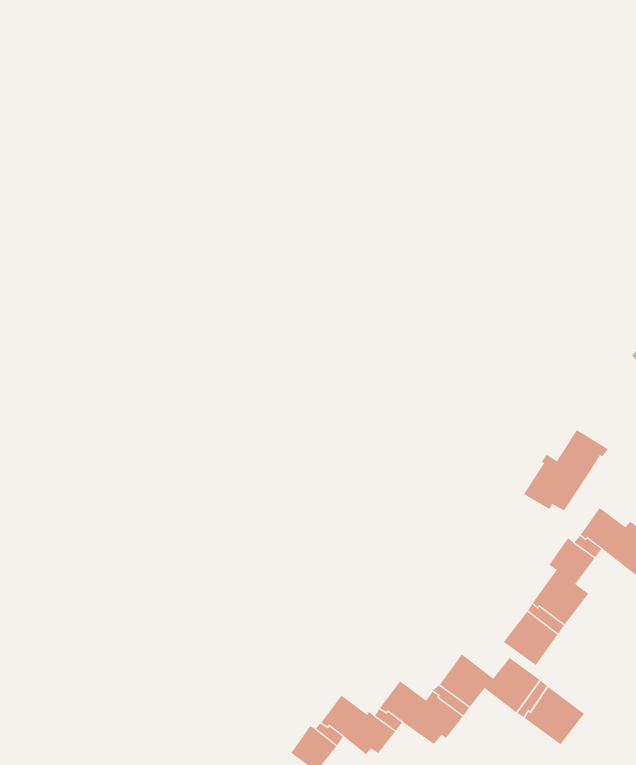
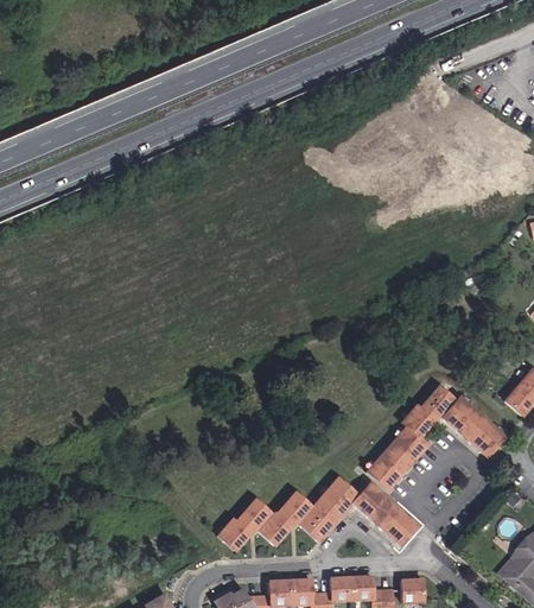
building: [523,429,609,511] -> none

